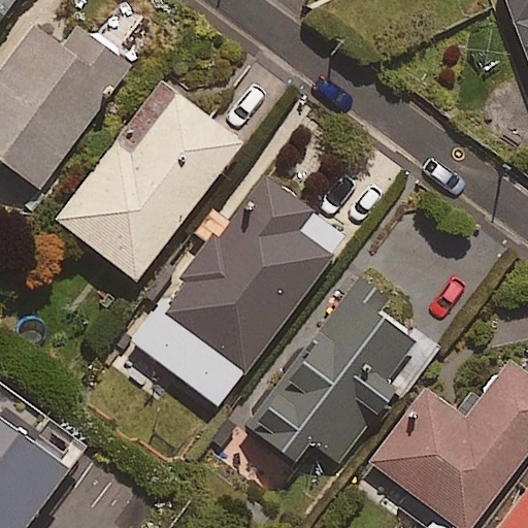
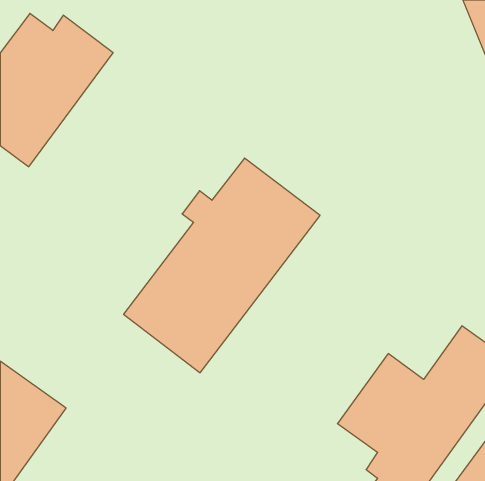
building: [63,75,297,282] -> none
building: [242,289,407,463] -> none

